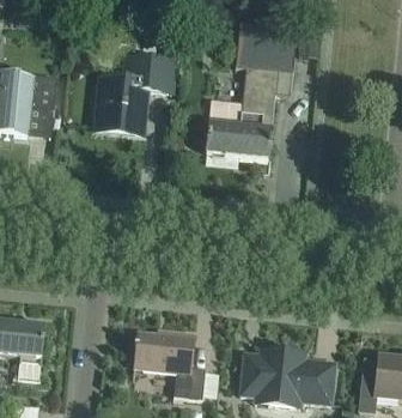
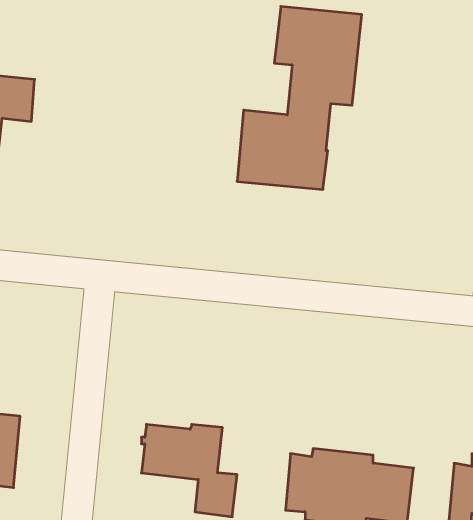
building: [93,54,176,131] -> none

